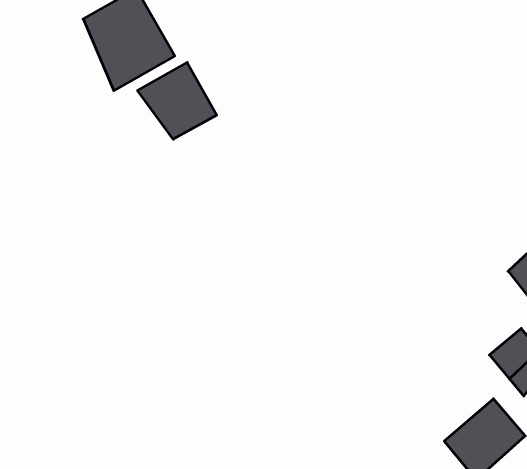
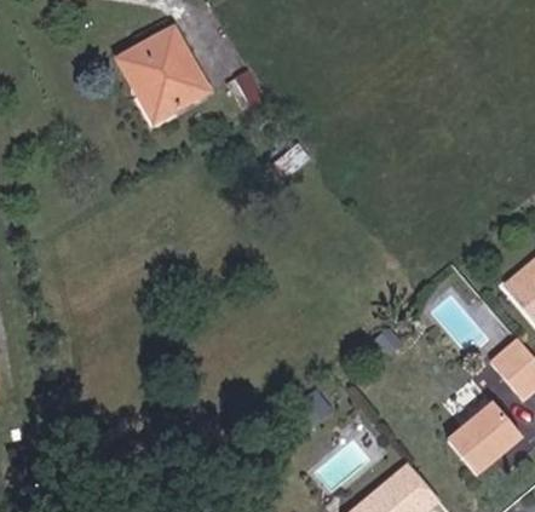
building: [138,62,217,139] -> none

